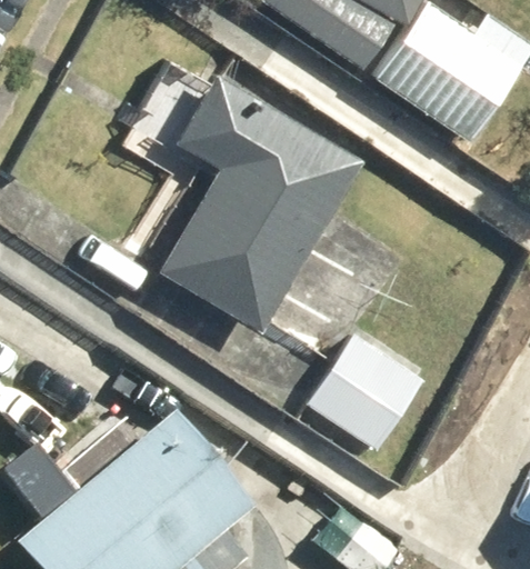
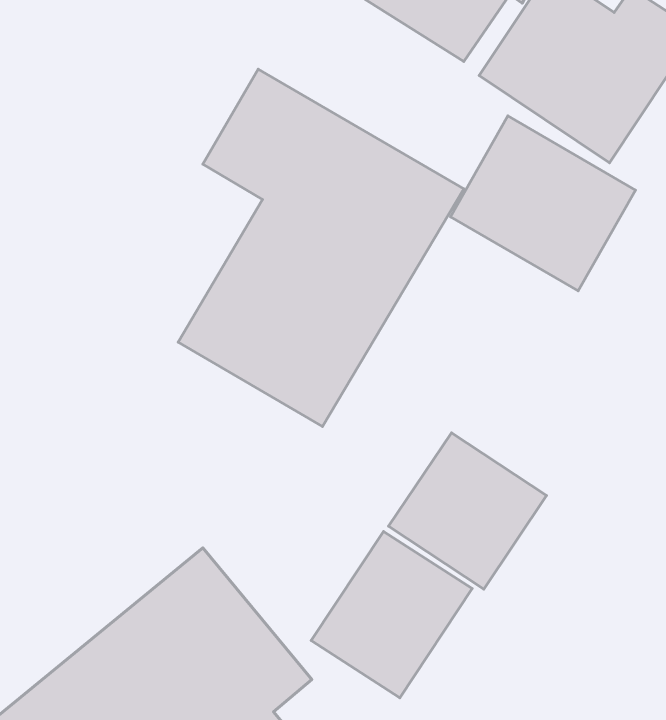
building: none -> [451,116,635,291]
building: none -> [311,531,472,698]

